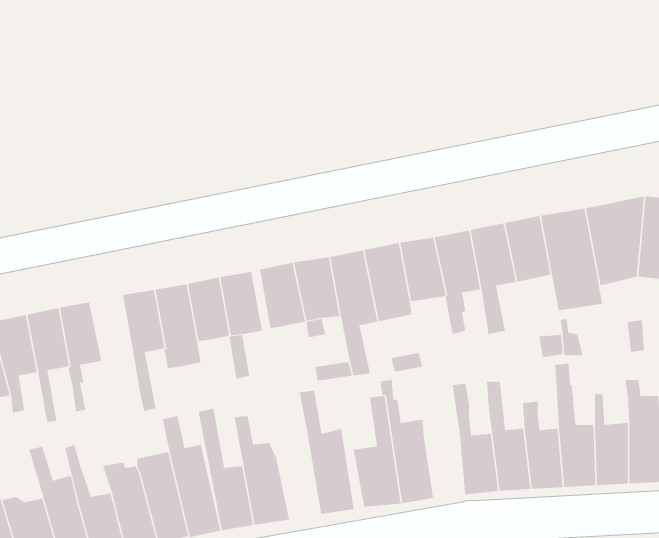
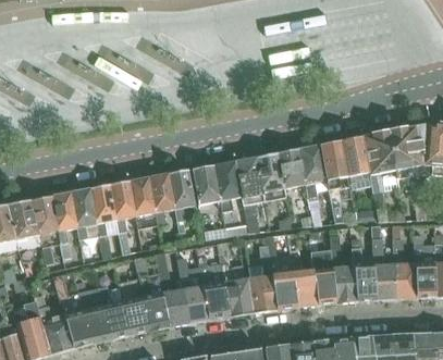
building: none -> [89,184,115,259]
building: none -> [290,244,316,307]
building: none -> [197,264,229,320]

